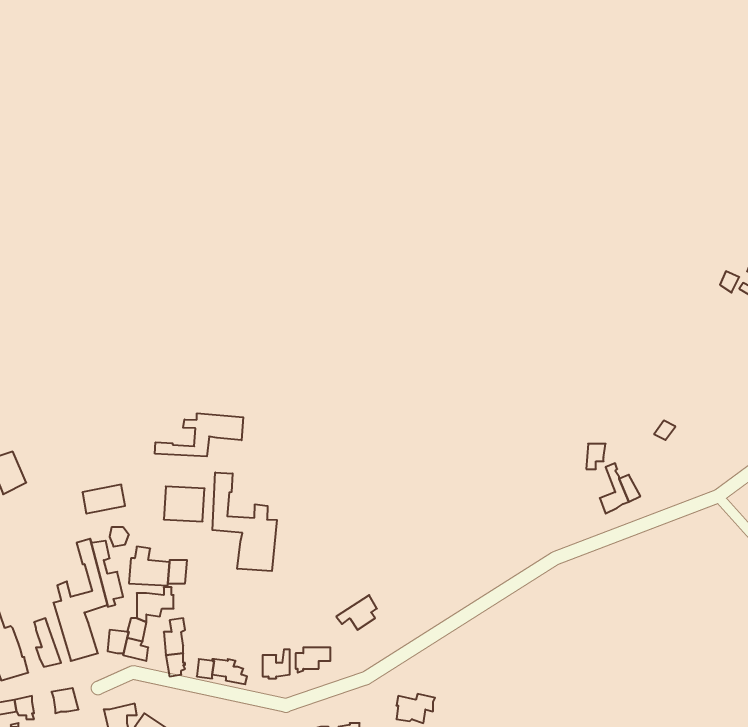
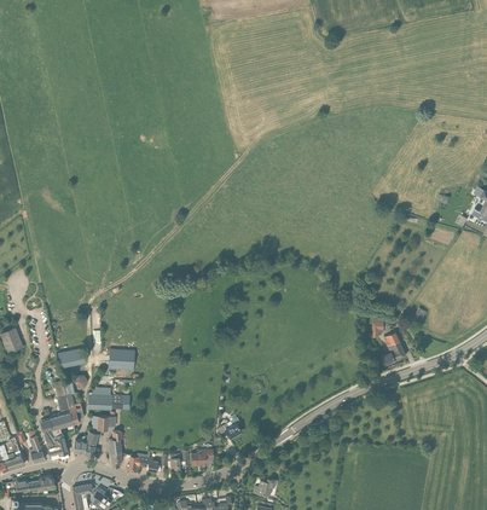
building: [155,413,243,456] -> none
building: [212,472,277,571] -> none

